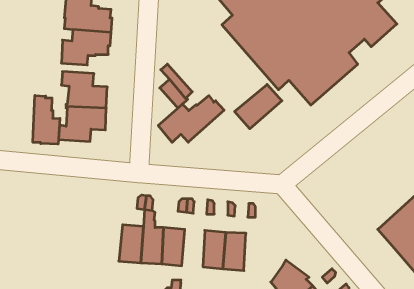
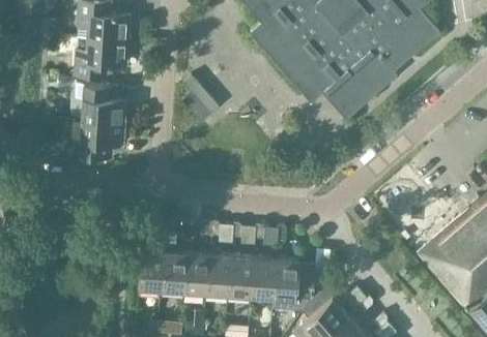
building: [235,84,282,129] -> none
building: [33,95,60,144] -> none
building: [158,96,224,142] -> none
building: none -> [206,254,231,295]
building: none -> [273,258,318,311]

